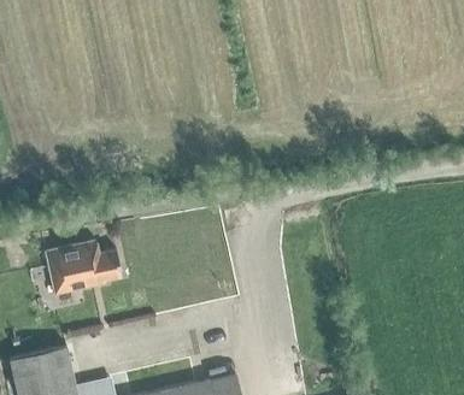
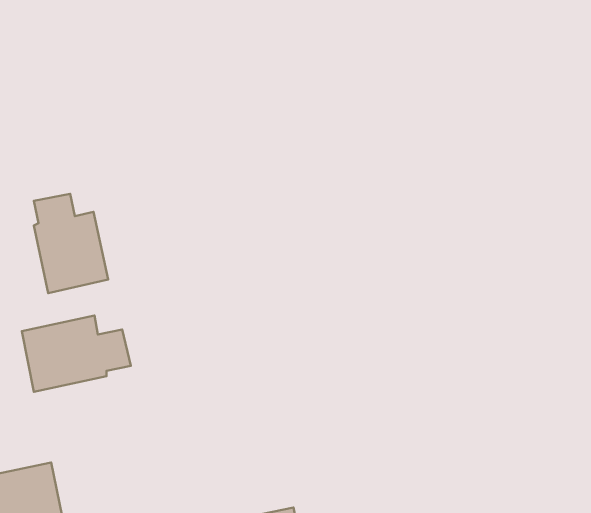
building: none -> [34,194,108,293]

